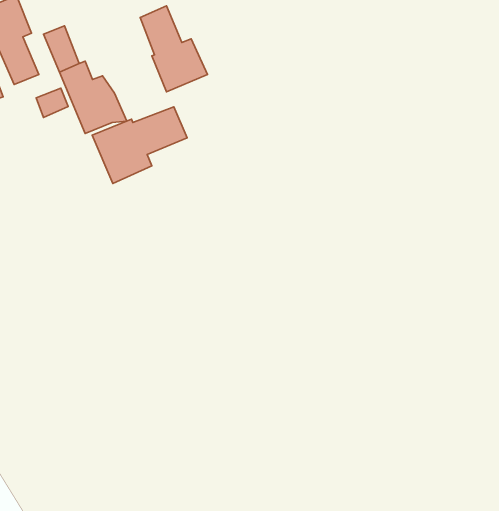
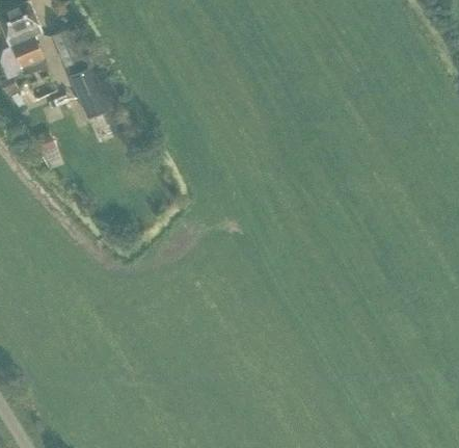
building: [140,6,207,92] -> none
building: [92,107,187,184] -> none

